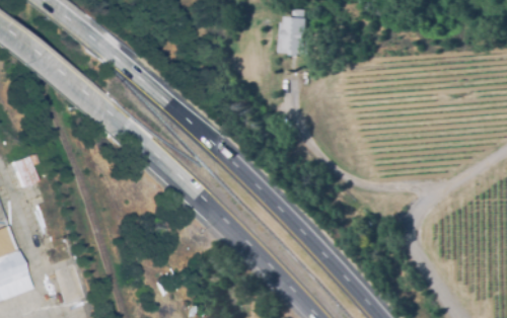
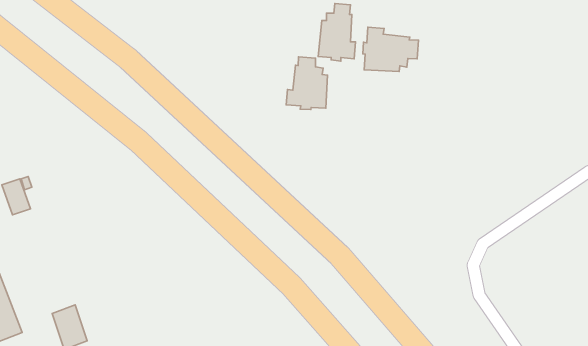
building: none -> [363,27,419,72]
building: none -> [286,57,327,110]

